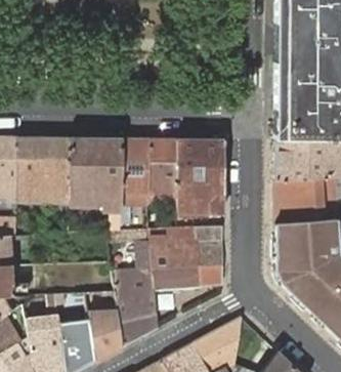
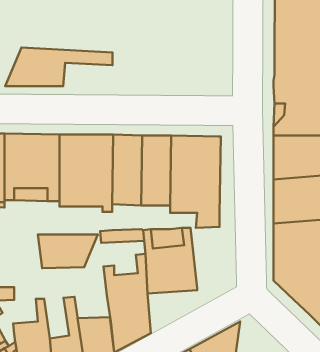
building: none -> [5,48,113,86]
building: [196,225,224,284] -> none
building: none -> [38,234,98,268]

